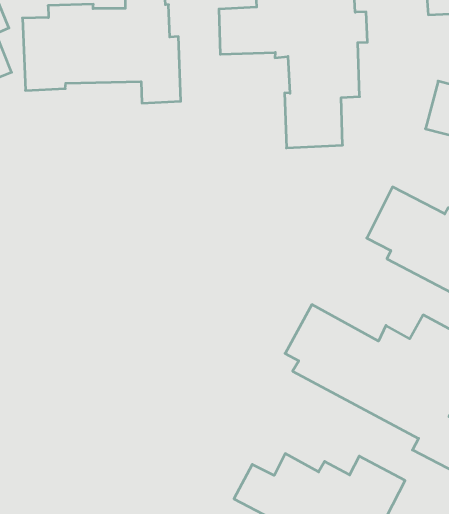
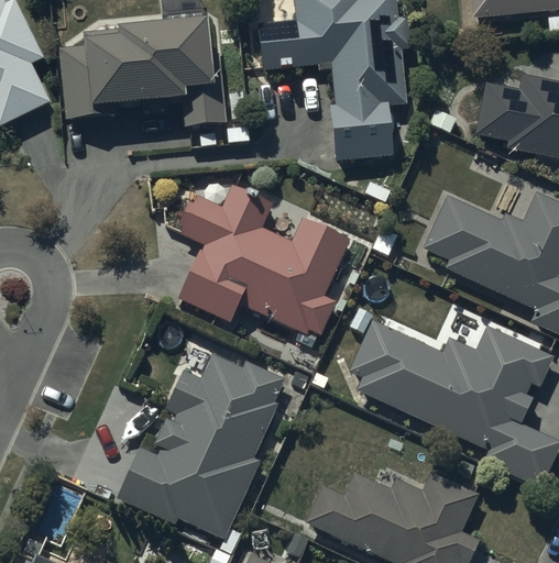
building: none -> [176,185,349,335]
building: none -> [117,352,285,539]

